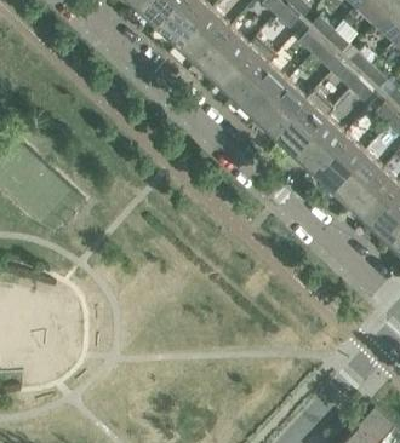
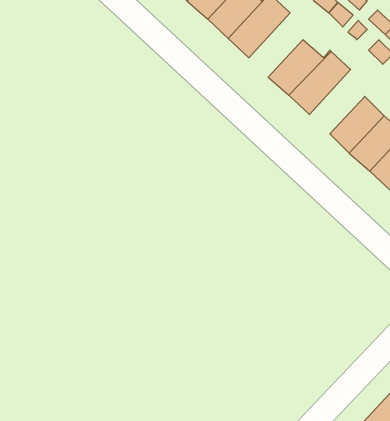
building: [236,57,287,117] -> none
building: [293,110,345,171] -> none

